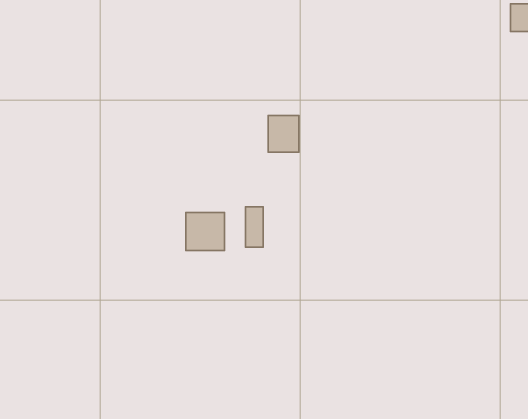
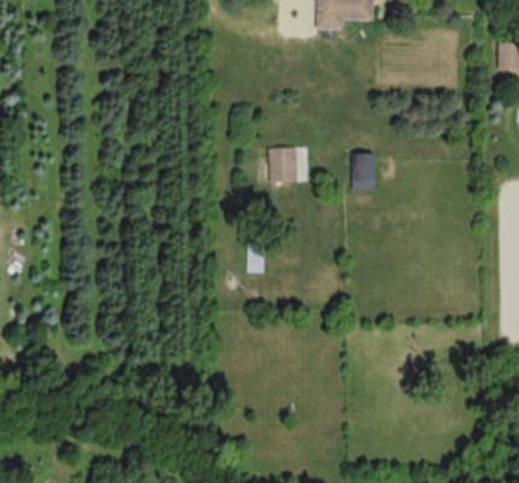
building: none -> [352,153,373,189]
building: [186,212,225,251] -> none

